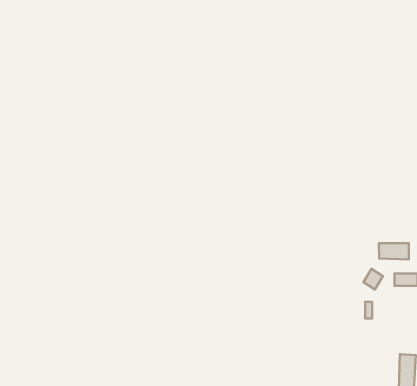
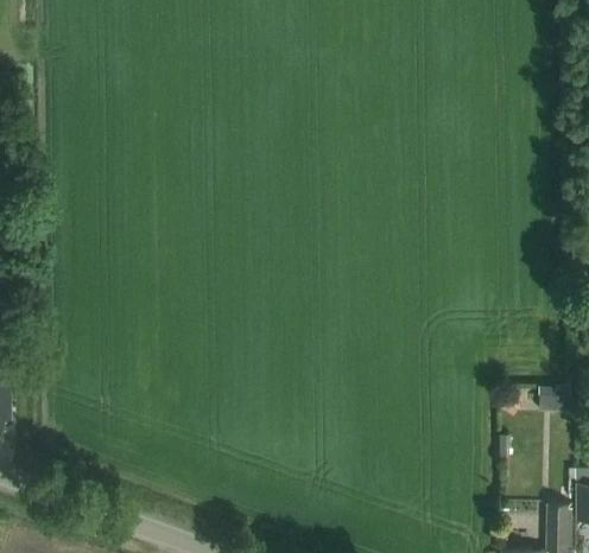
building: [379,243,409,259] -> none

